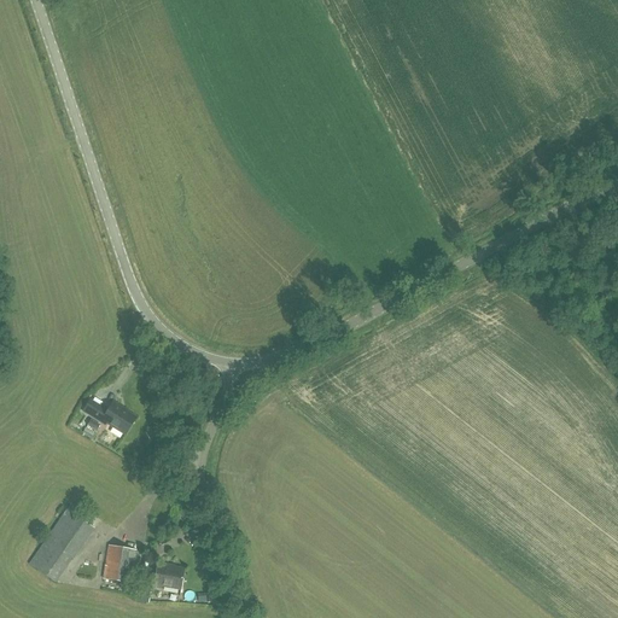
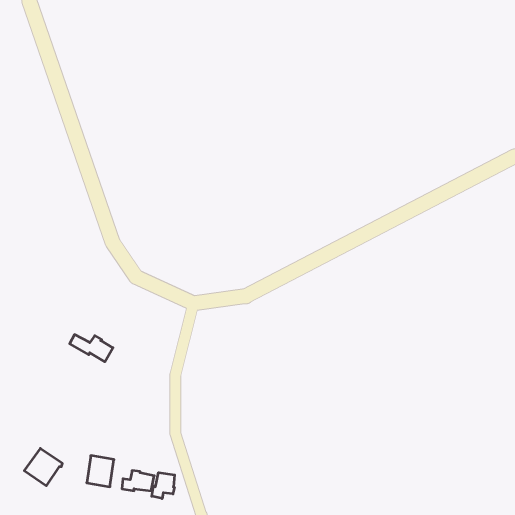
building: [48,509,94,555] -> none
building: none -> [152,473,175,499]

